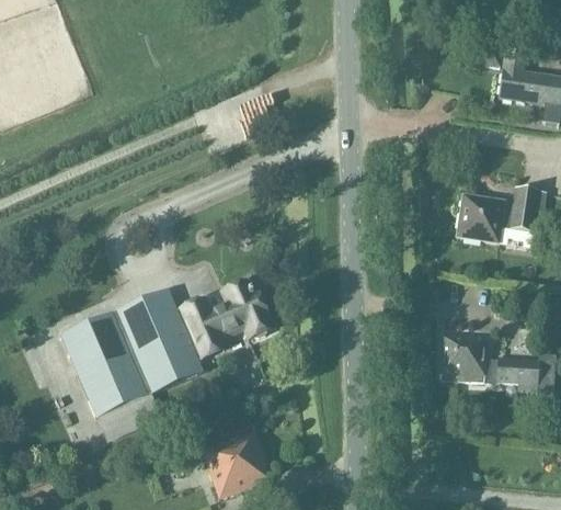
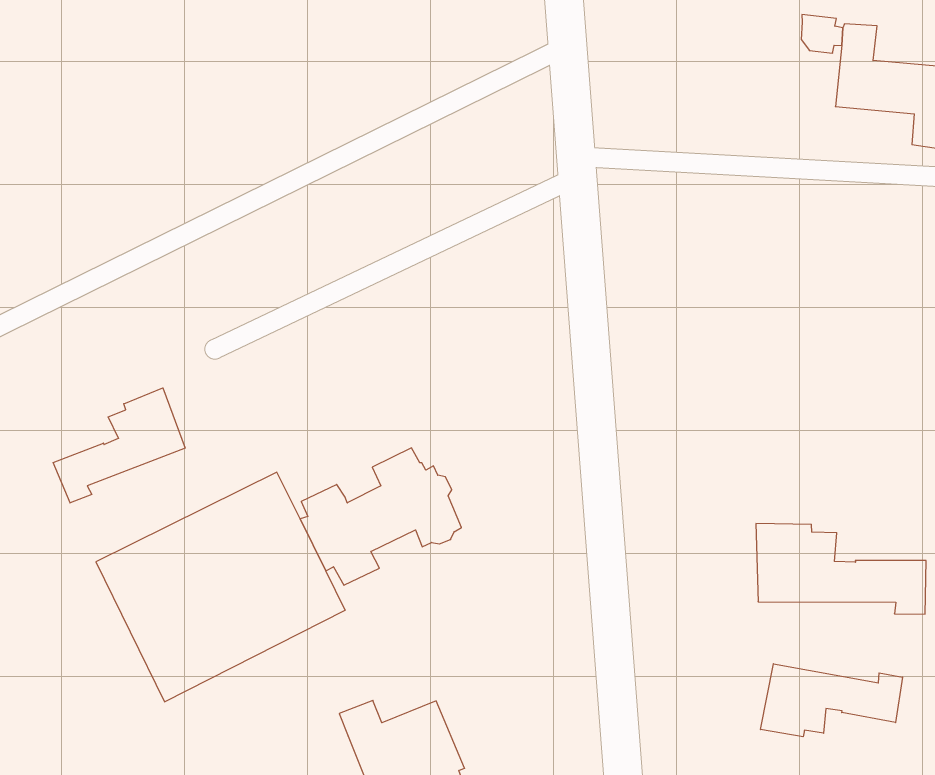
building: [457,186,540,242] -> none
building: none -> [53,388,185,503]
building: none -> [761,664,903,737]

